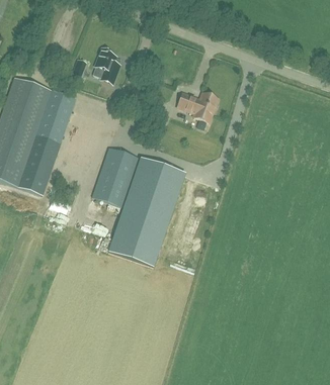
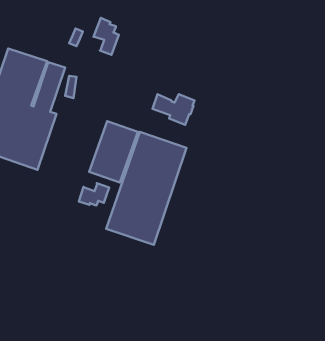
building: [177,92,218,121] -> [152,94,195,125]
building: none -> [79,183,109,206]

